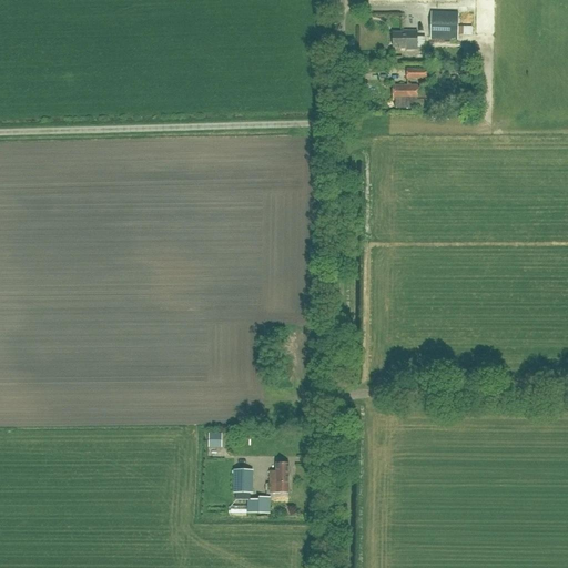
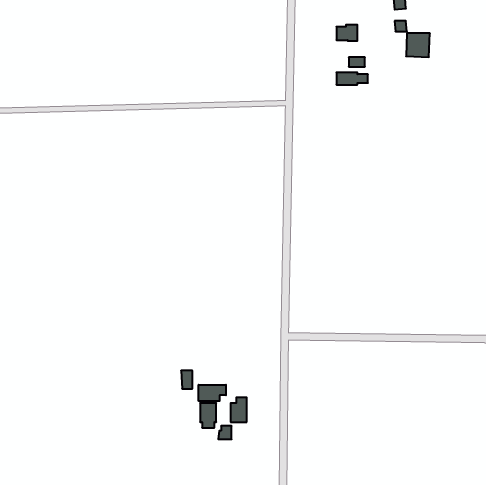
building: [429,11,457,39] -> [406,33,430,57]
building: none -> [199,385,226,401]

